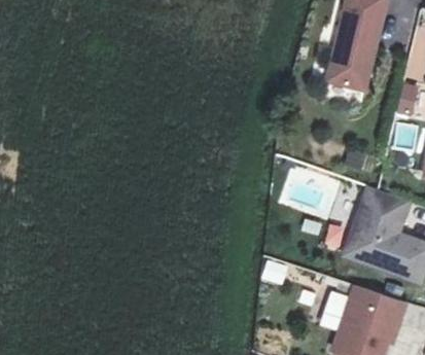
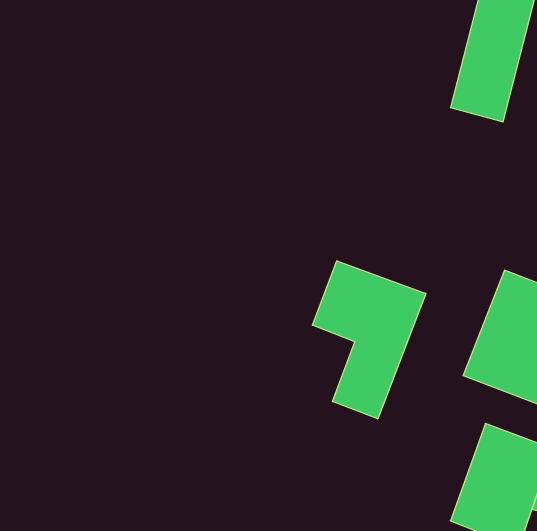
building: none -> [312,261,426,419]

